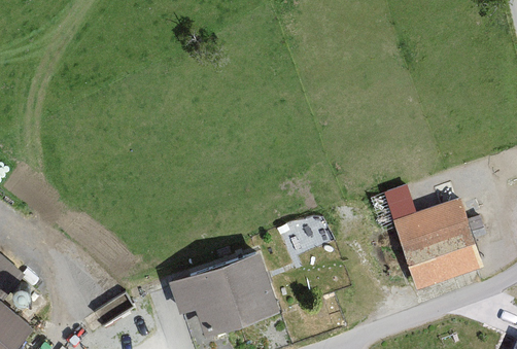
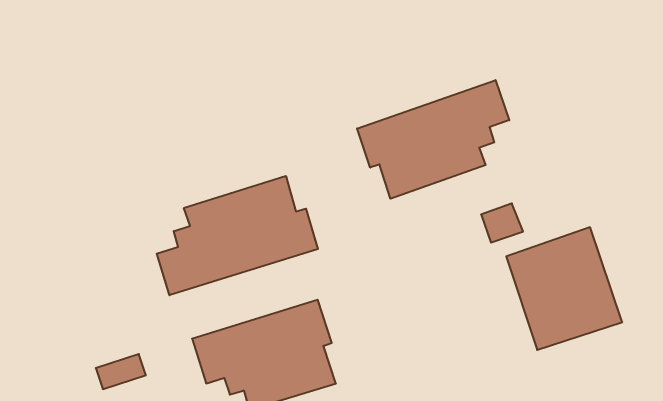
building: none -> [357,80,509,199]
building: none -> [157,176,318,295]

